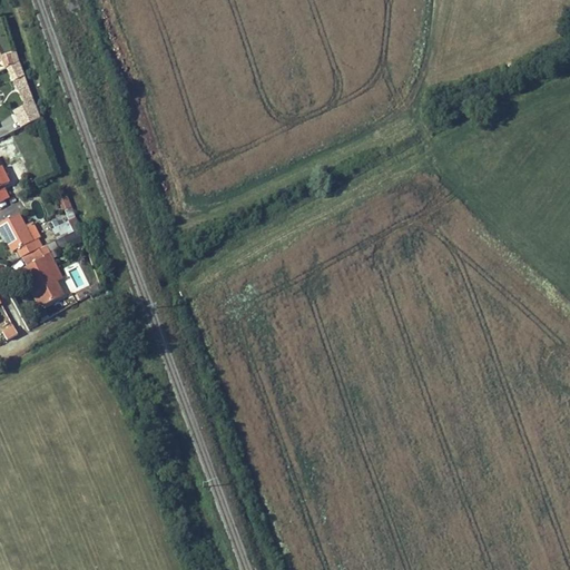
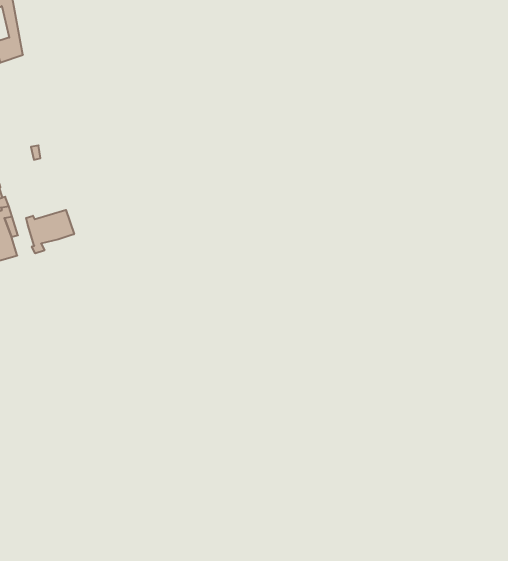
building: none -> [26,210,74,253]

